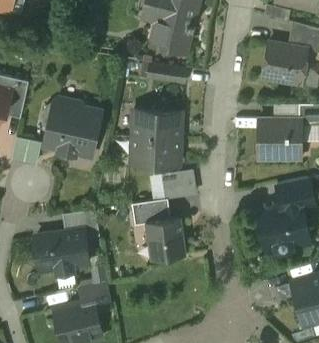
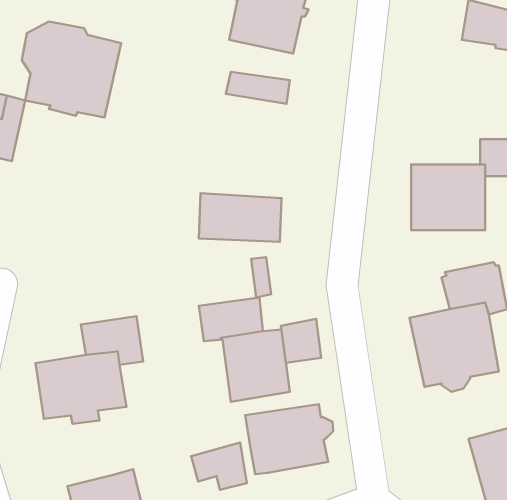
building: [262,43,307,84] -> none
building: [42,99,101,156] -> [22,21,121,117]
building: [132,110,181,140] -> none
building: [171,171,195,197] -> [281,319,321,363]
building: none -> [245,404,333,474]
building: [77,281,110,309] -> [191,443,247,490]

